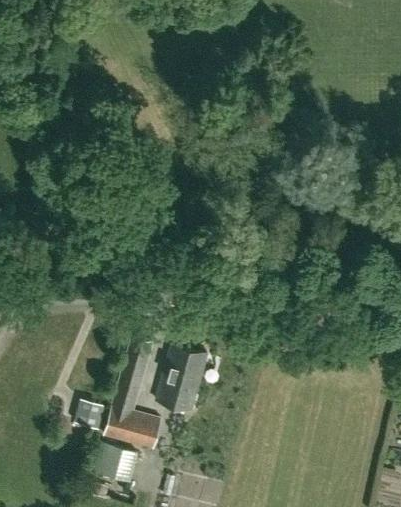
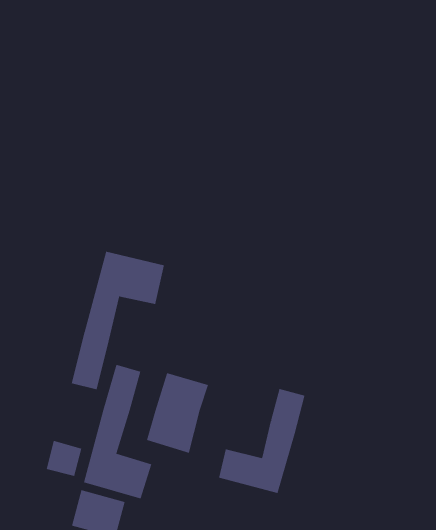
building: none -> [71,251,165,390]
building: none -> [218,388,305,494]

